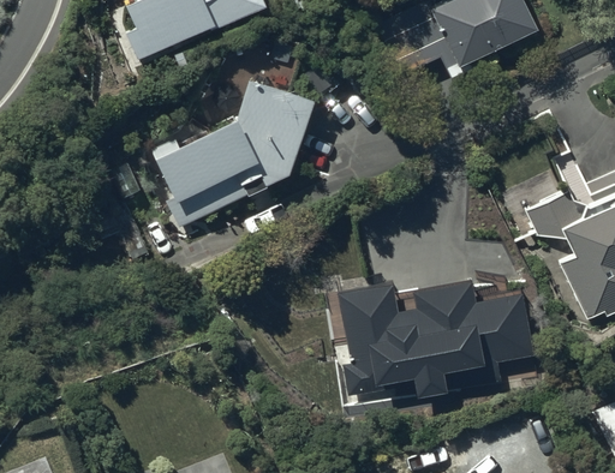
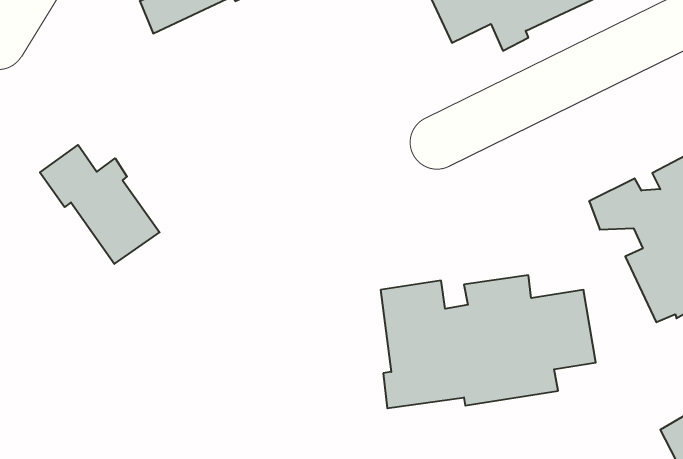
building: [153,78,316,227] -> none
building: none -> [40,145,160,264]

